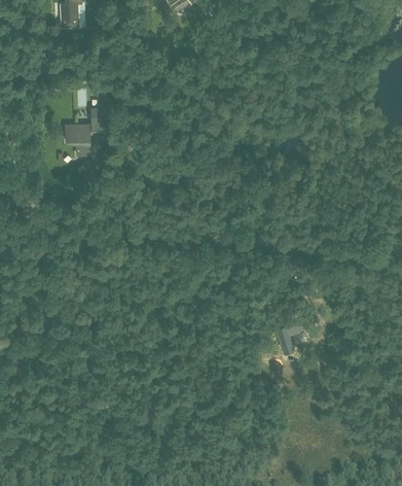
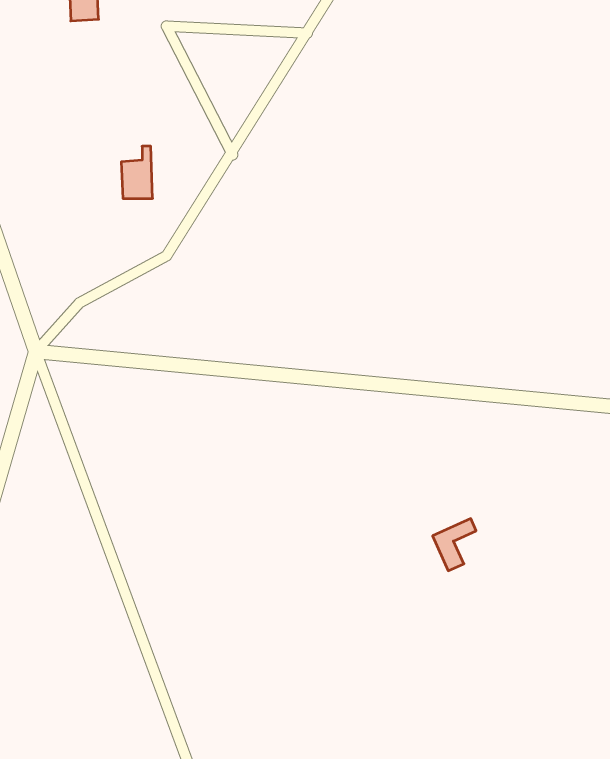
building: [66,130,89,153] -> none

